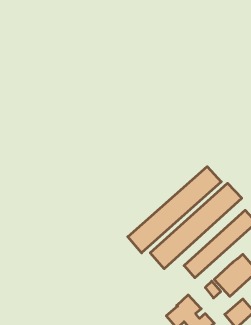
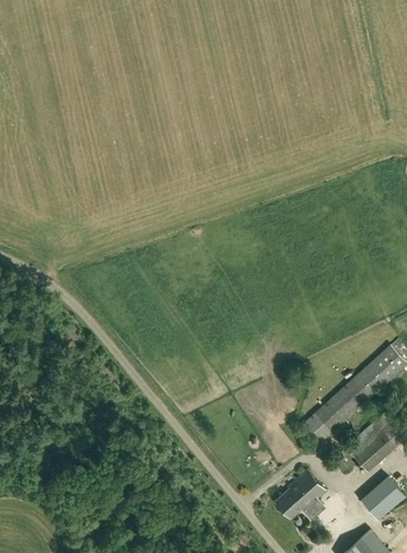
building: [128,167,221,253] -> none
building: [150,183,242,269] -> none

